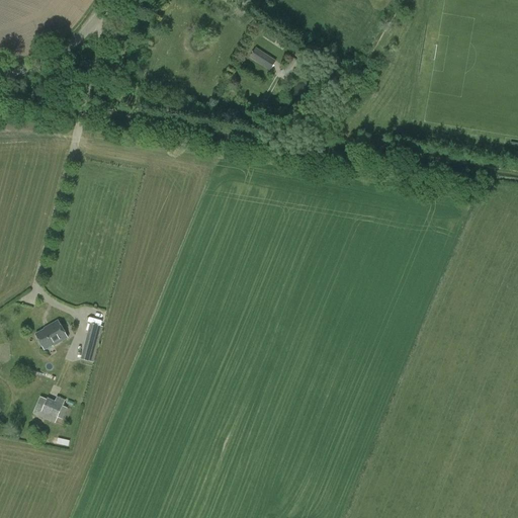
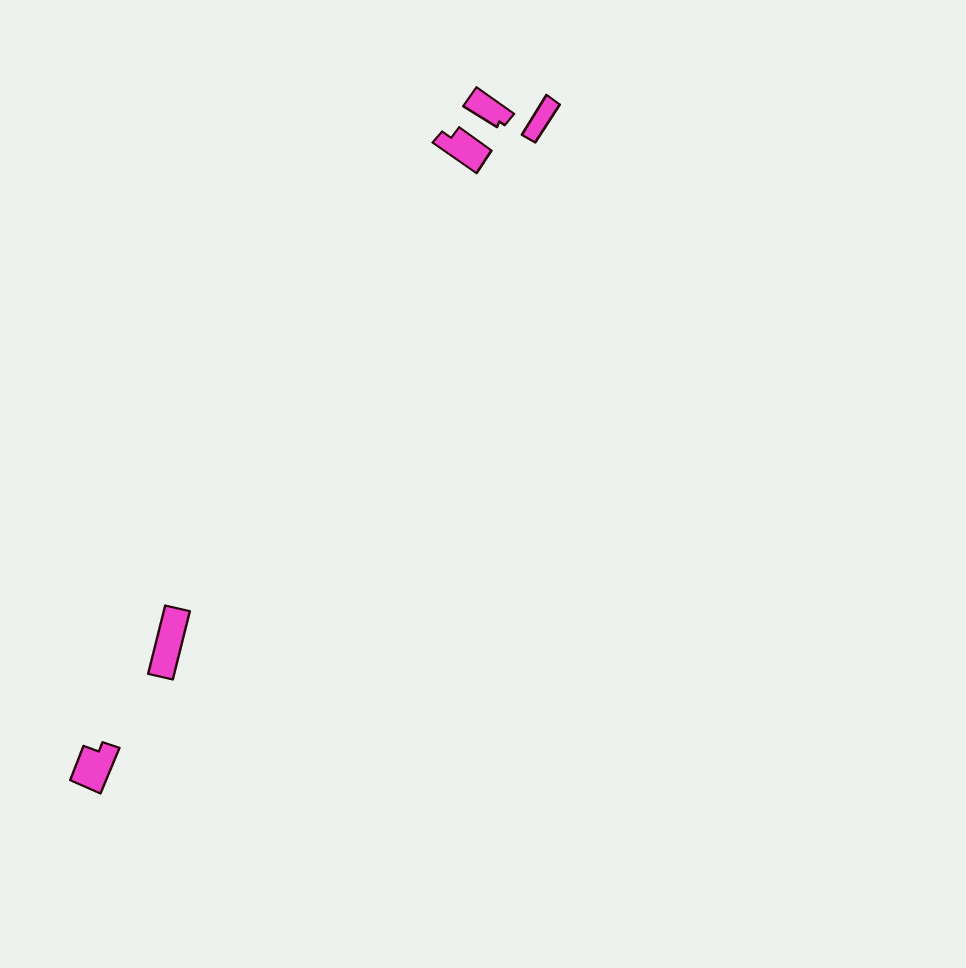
building: none -> [433,127,491,173]
building: [33,320,66,349] -> none

